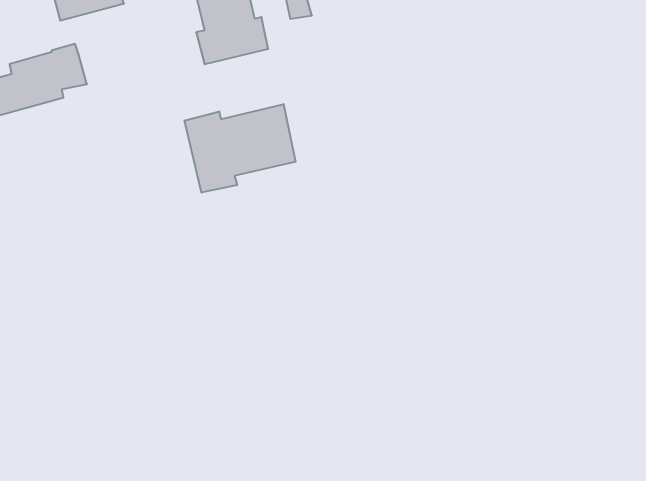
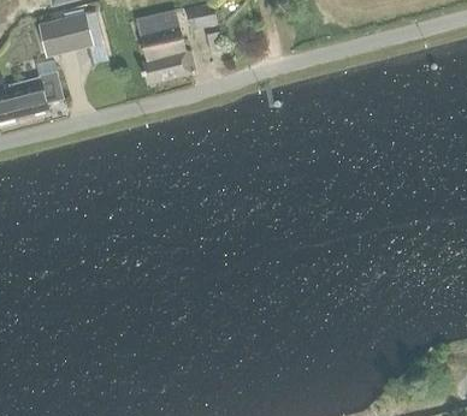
building: [185,104,296,193] -> none

